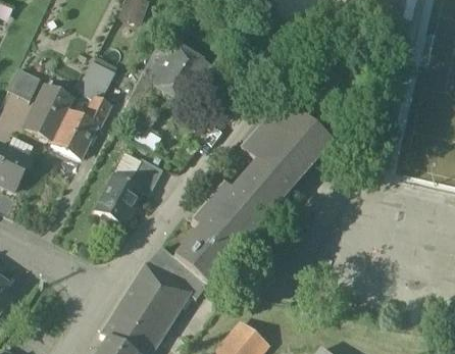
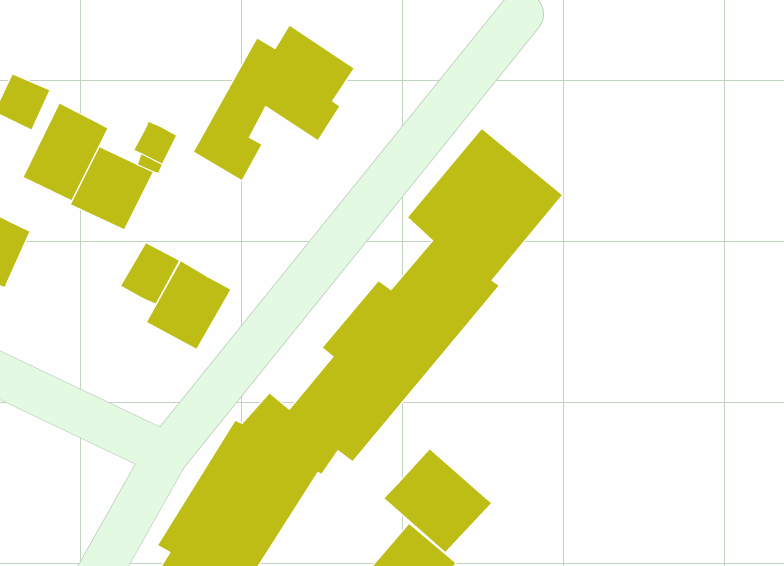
building: [78,60,115,98] -> none
building: [129,158,162,193] -> [120,243,180,304]
building: none -> [383,449,492,553]

